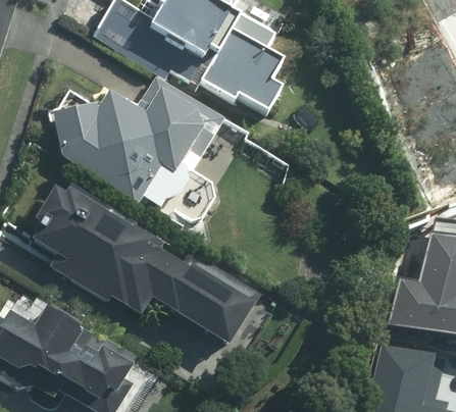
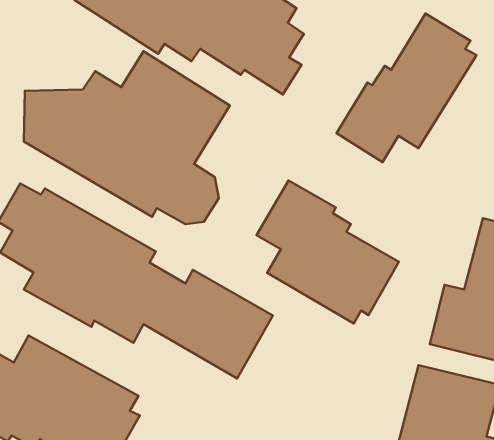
building: none -> [337,14,476,162]
building: none -> [256,181,399,324]

